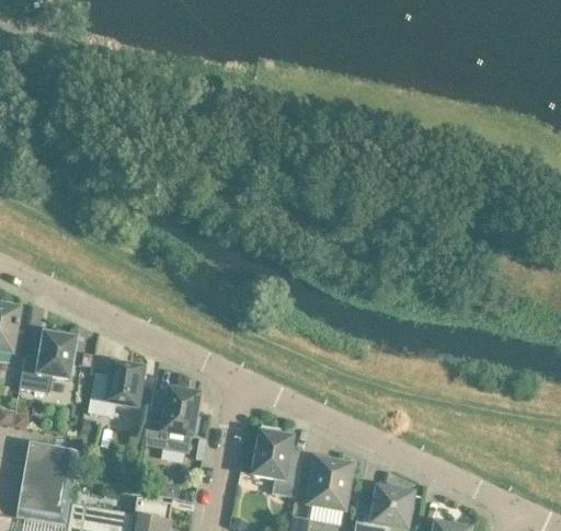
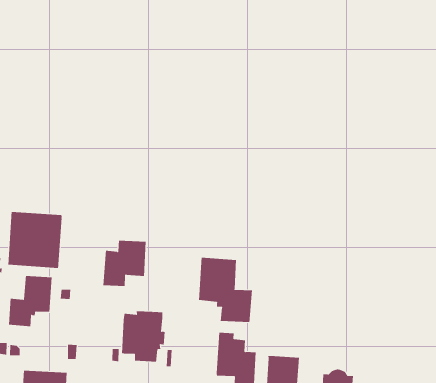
building: none -> [8,211,62,269]
building: none -> [198,257,252,323]
building: [87,365,144,419] -> [103,240,147,286]

